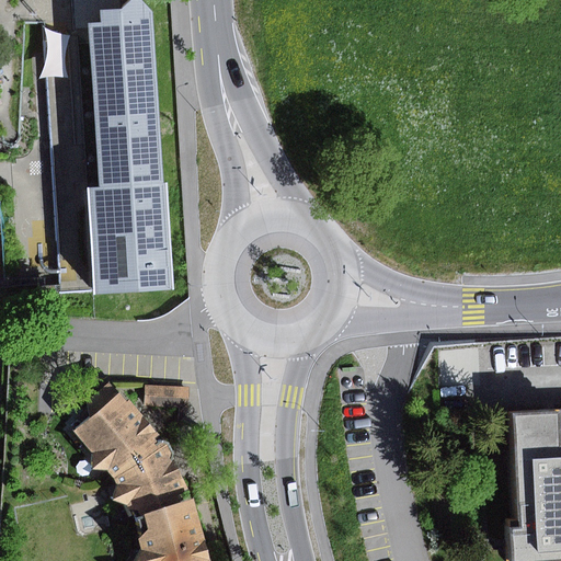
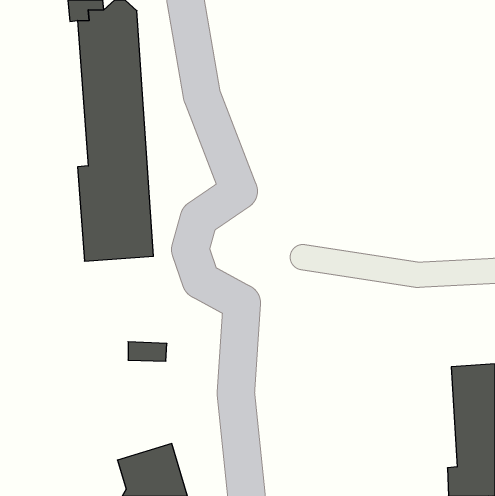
building: [76,385,194,519] -> none

